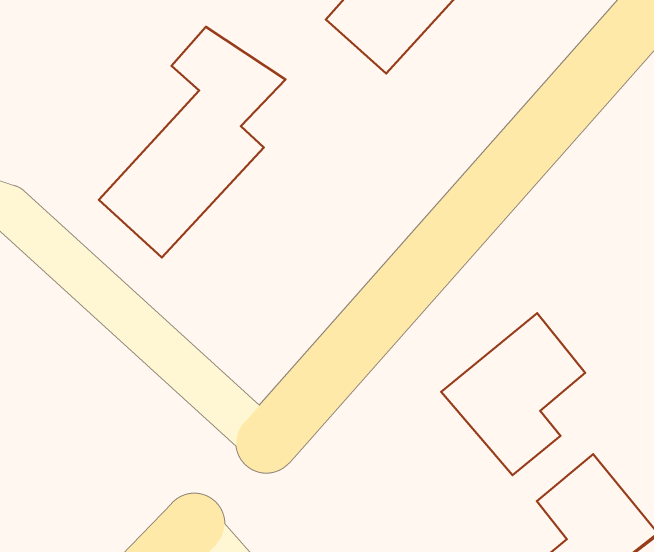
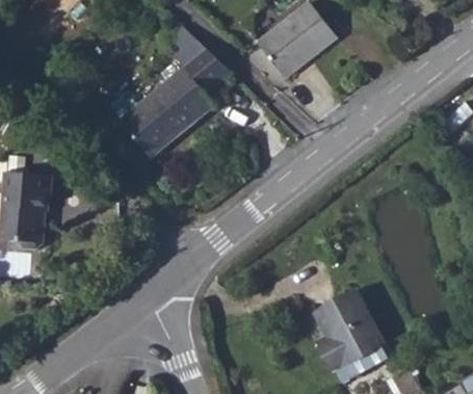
building: [441,313,585,475] -> none

